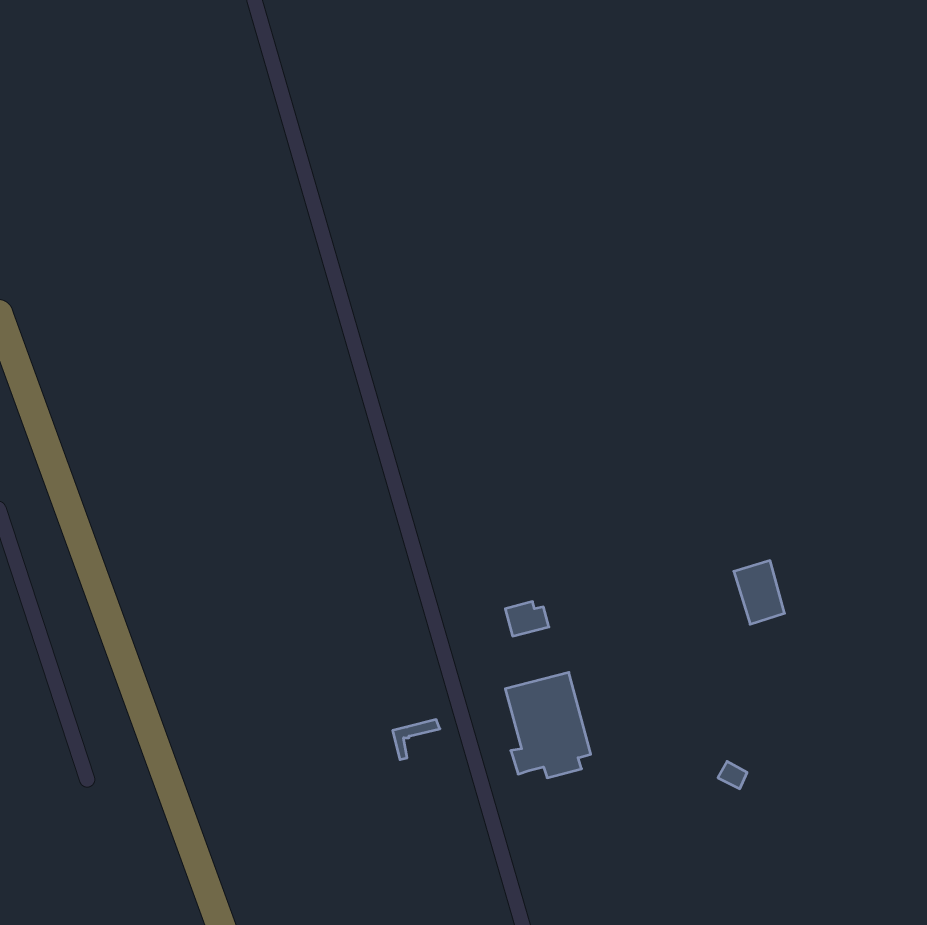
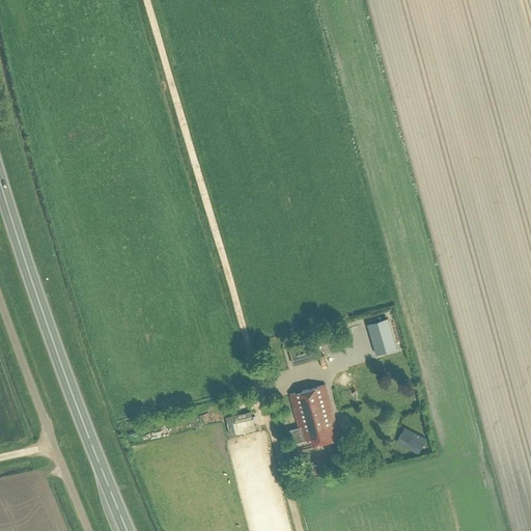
building: [734,561,785,624] -> [366,319,395,356]

